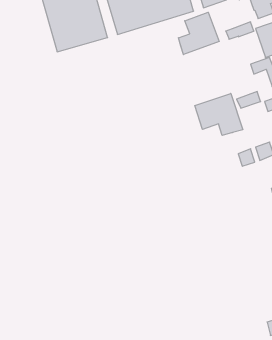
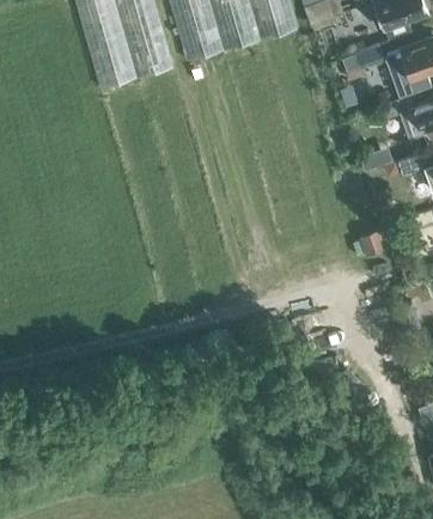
building: [178,12,219,55] -> none
building: [195,93,243,135] -> none

